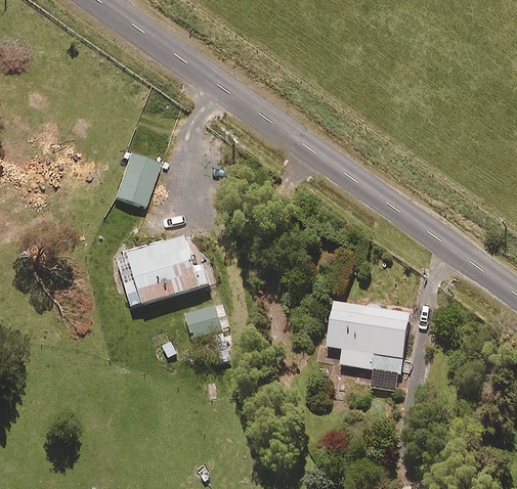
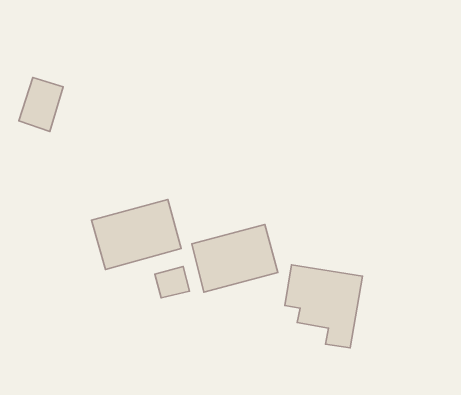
building: [110,151,158,210] -> [19,78,63,131]
building: none -> [192,224,278,292]

